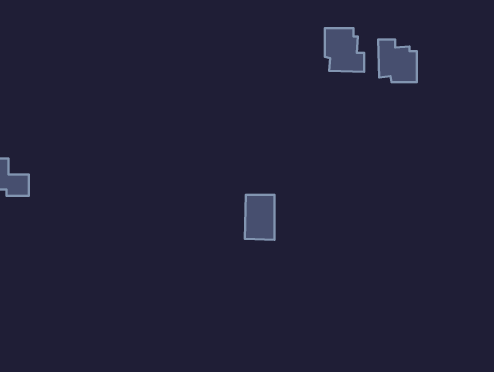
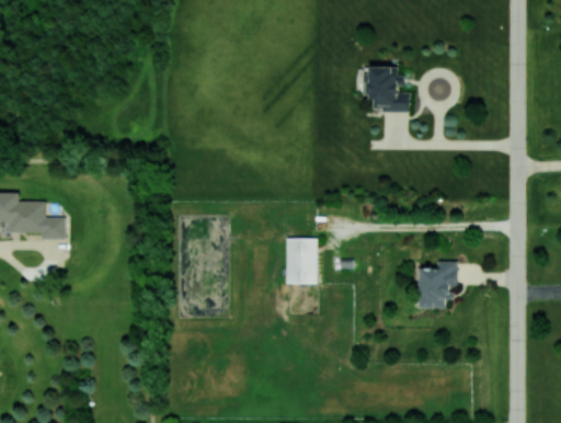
building: [378,40,417,82] -> none
building: none -> [420,261,457,308]

